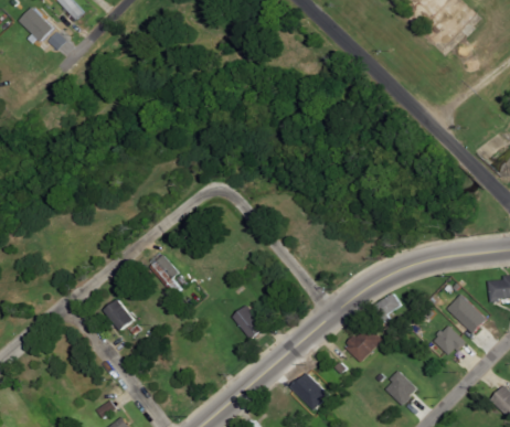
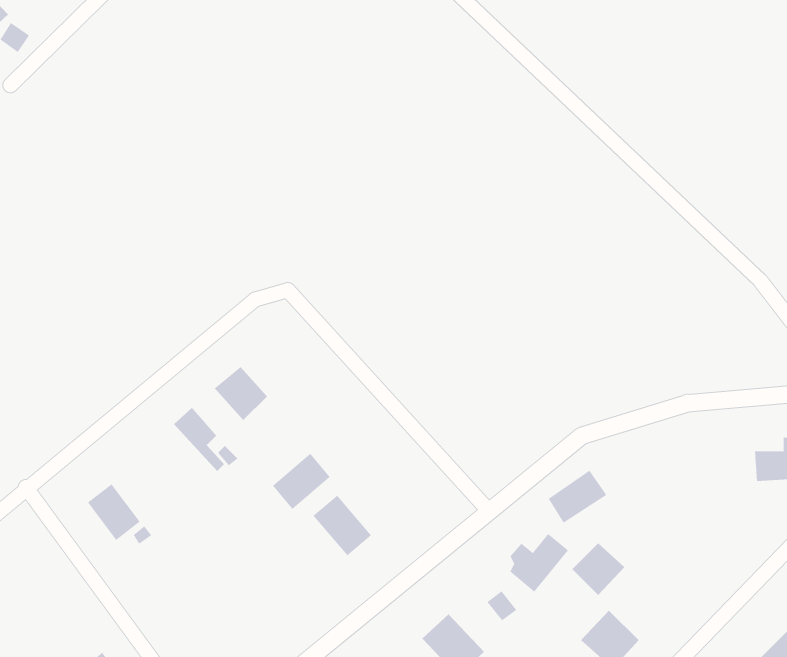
building: none -> [214,366,268,421]
building: none -> [272,453,330,510]
building: [447,295,488,335] -> none
building: [433,325,464,356] -> [571,542,625,596]

